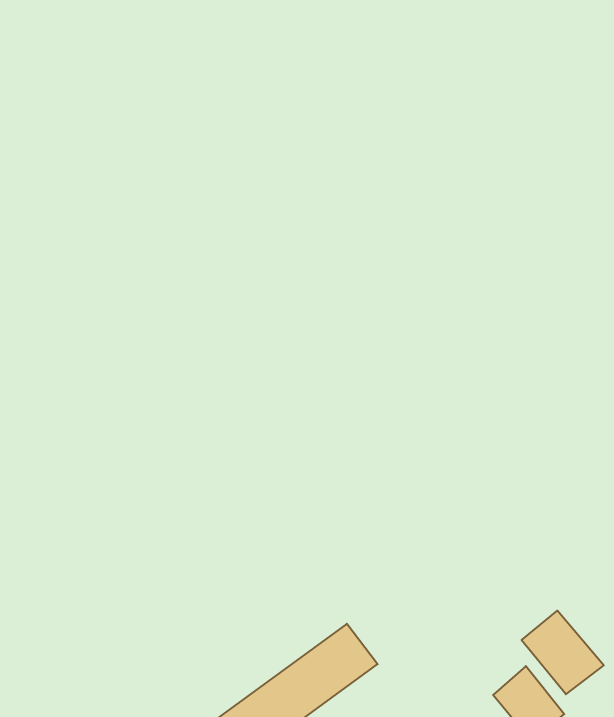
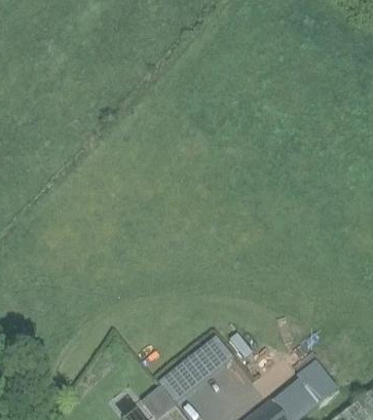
building: [522,611,604,694] -> none

